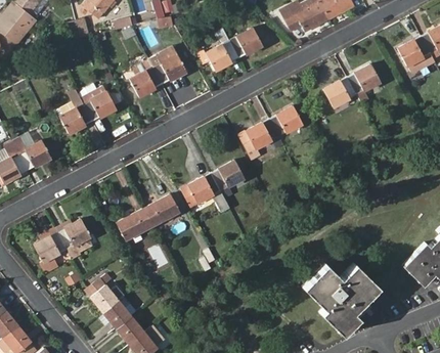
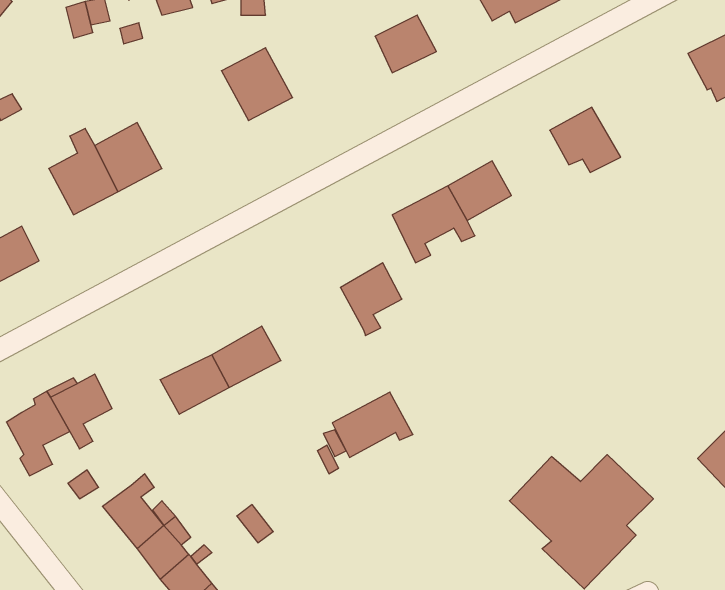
building: [203,32,239,72] -> none
building: [129,57,163,96] -> none
building: [346,64,381,103] -> none
building: [181,173,224,208] -> [332,392,413,457]

